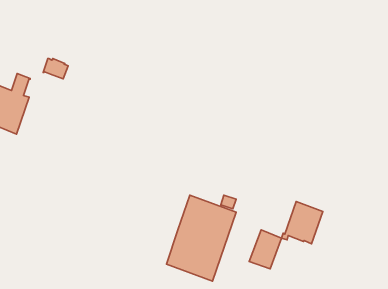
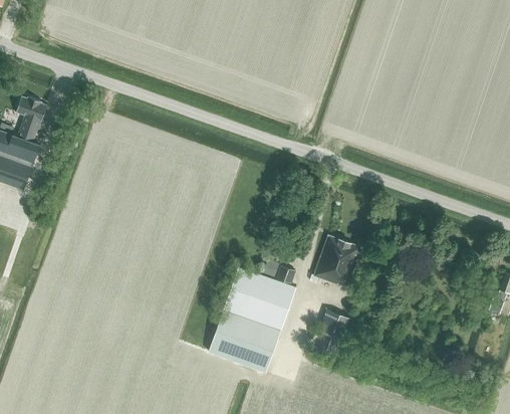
building: [43,59,68,79] -> [15,94,46,120]
building: [282,202,323,244] -> [309,233,360,285]

